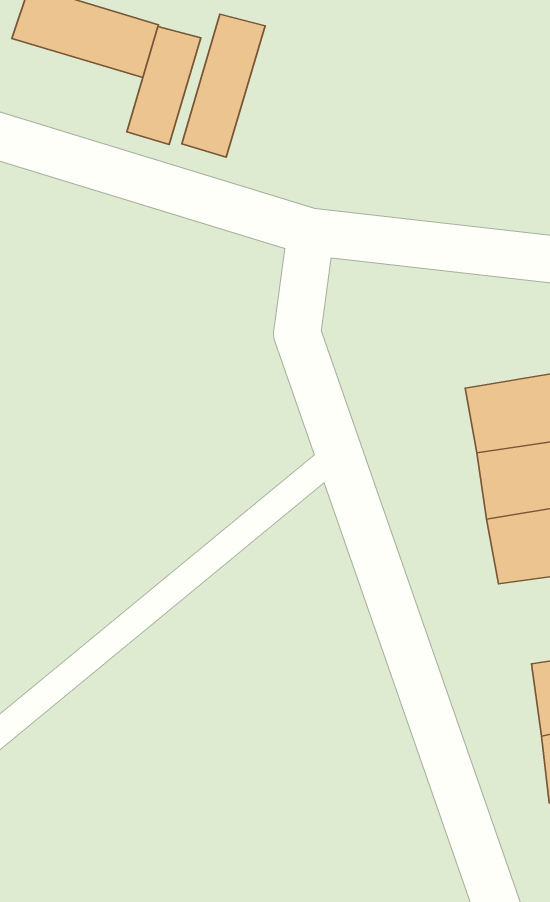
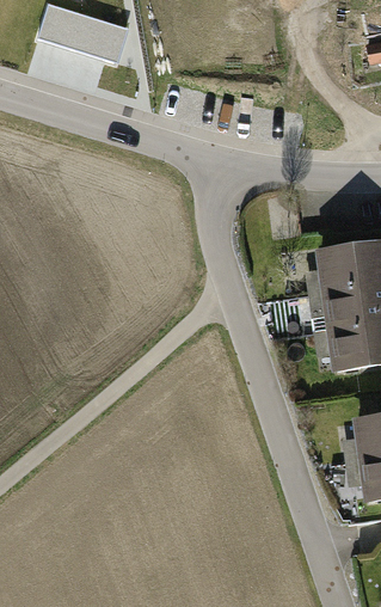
building: [182,14,265,157] -> none
building: [127,27,201,145] -> none

